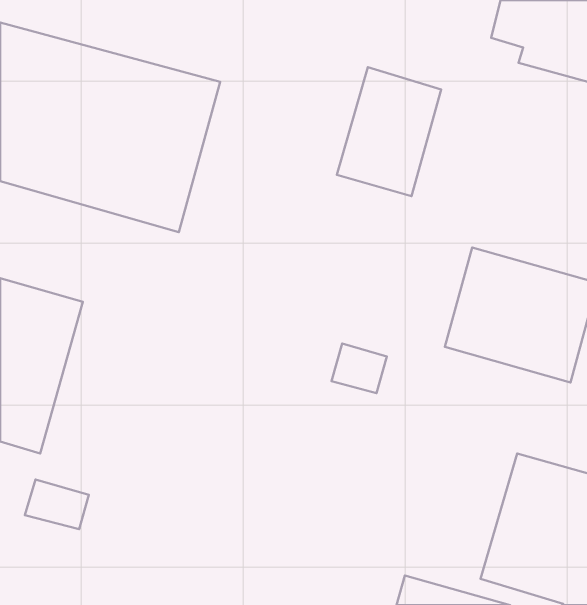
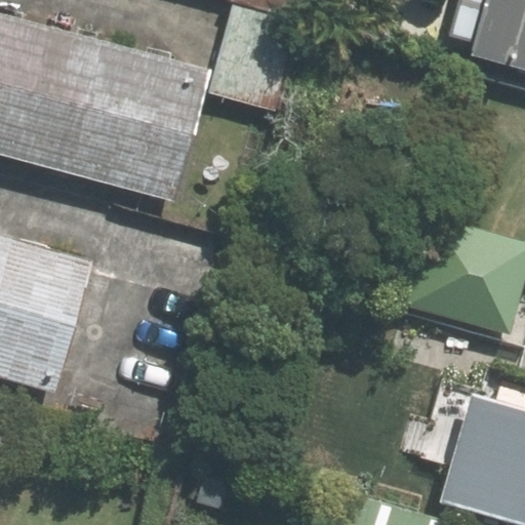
building: [337,67,441,196] -> [217,9,308,121]

